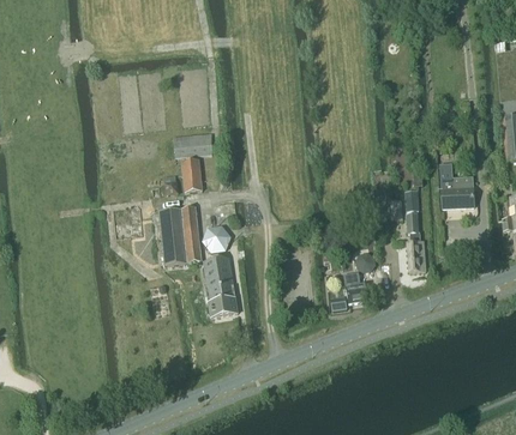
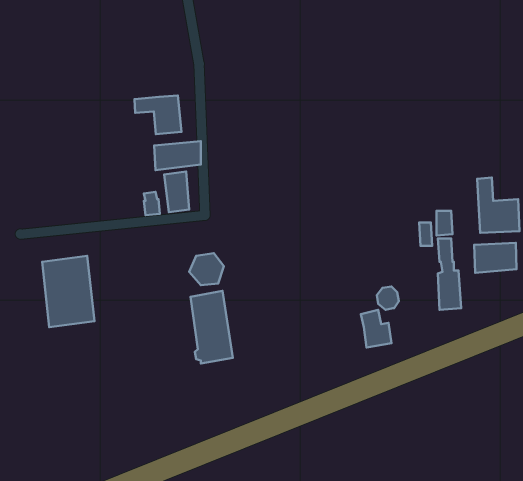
building: none -> [134,96,182,134]
building: [158,205,202,264] -> [42,256,94,327]
building: none -> [474,243,516,273]

